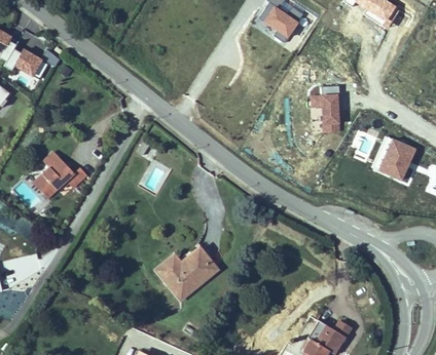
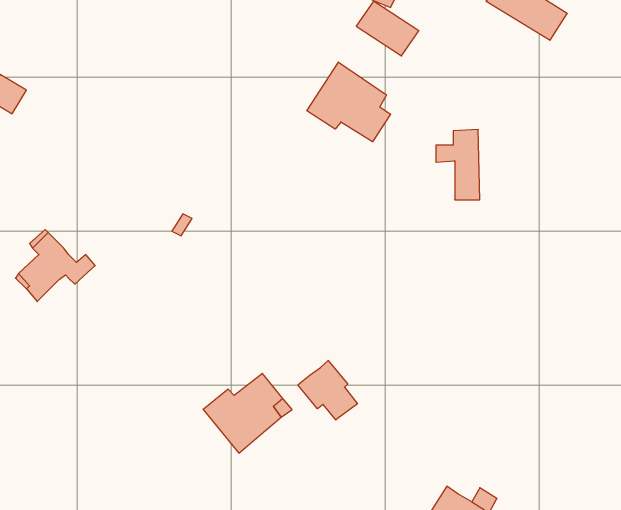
building: none -> [307,62,391,142]
building: [379,140,417,181] -> none
building: none -> [298,360,357,420]

